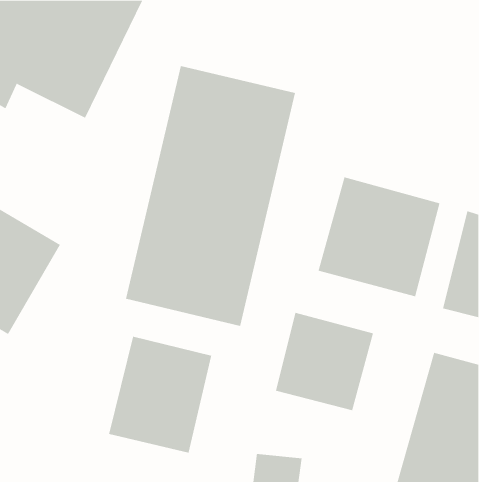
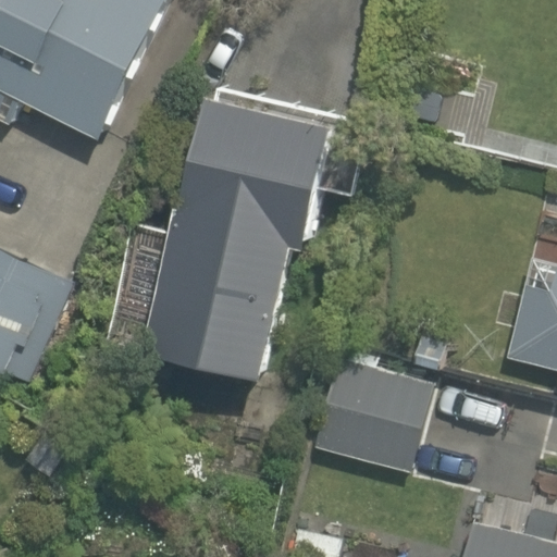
building: [318,176,440,297] -> none
building: [109,336,212,453] -> none

